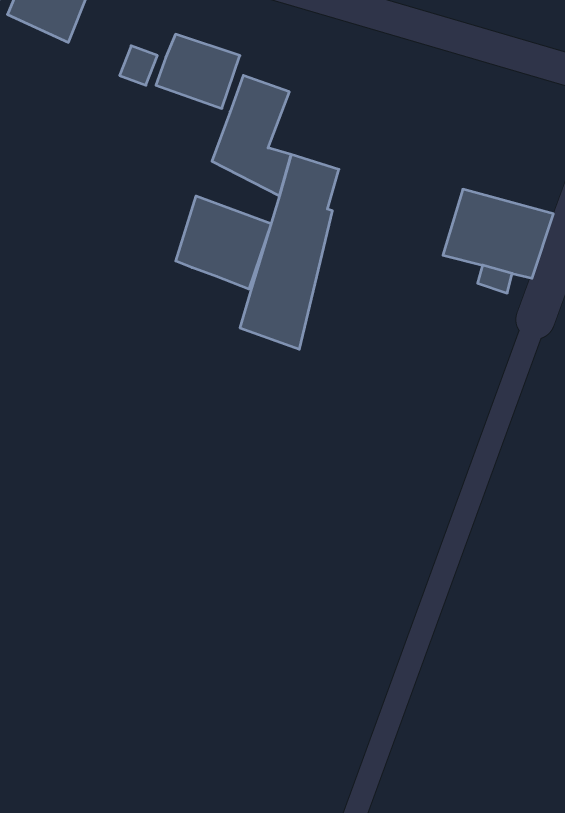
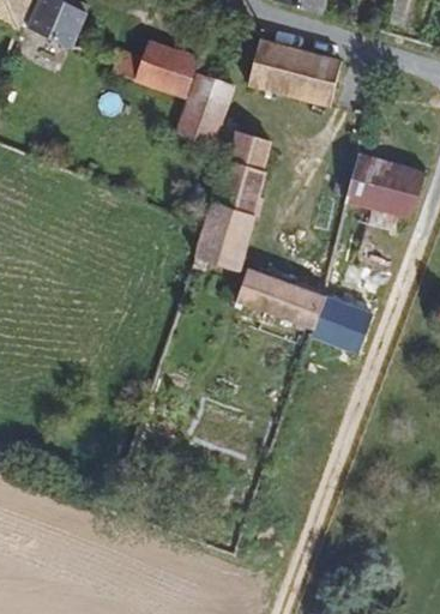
building: none -> [247,40,340,104]
building: [176,196,271,289] -> none
building: none -> [235,267,372,350]

